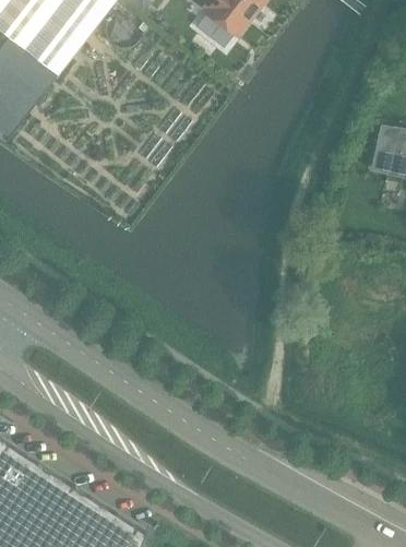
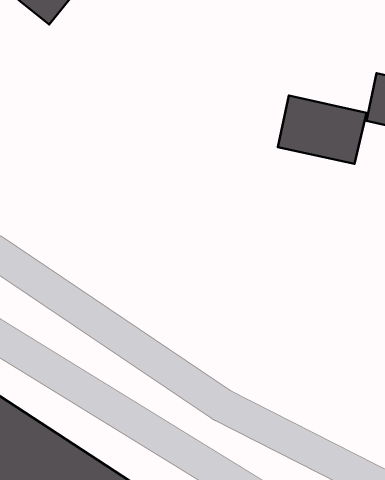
building: none -> [278,96,366,164]

